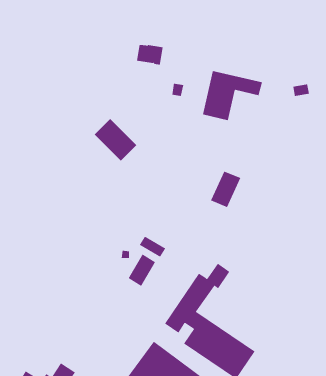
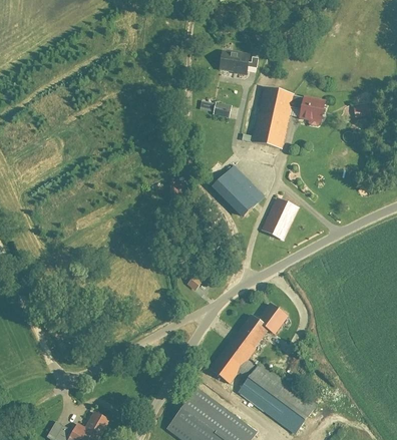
building: [136,44,163,65] -> [220,50,250,73]
building: [94,118,137,161] -> [214,166,262,214]
building: [128,254,156,287] -> none

